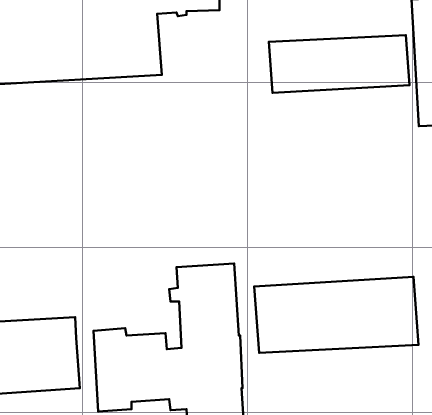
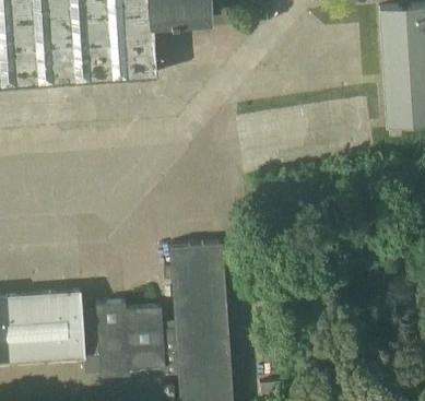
building: [269,35,410,93] -> none
building: [254,277,418,353] -> none

